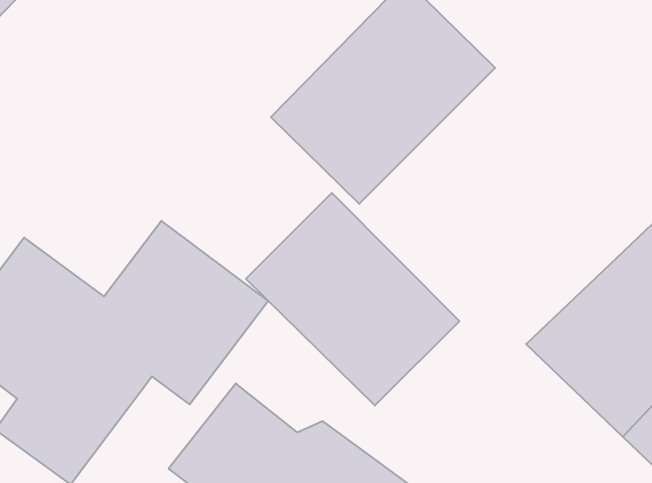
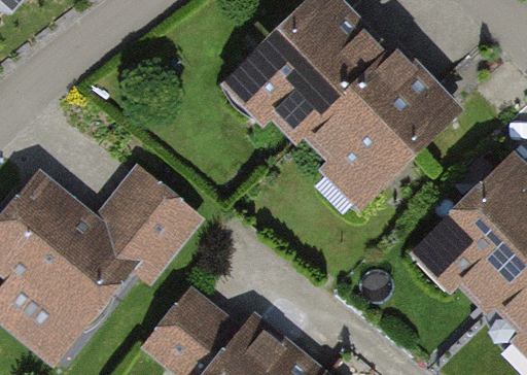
building: none -> [281,52,444,204]
building: [246,193,459,406] -> none

